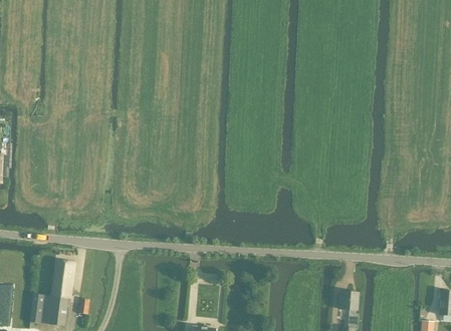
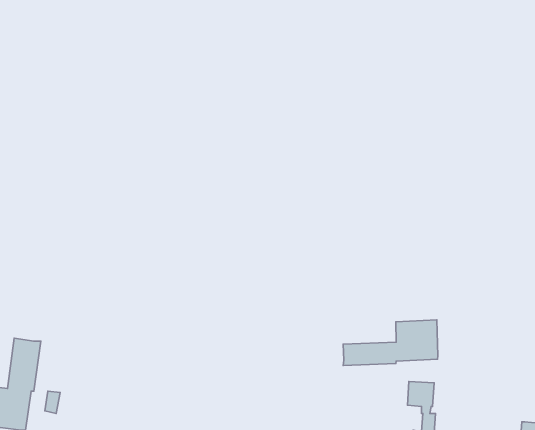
building: none -> [343,320,438,366]

